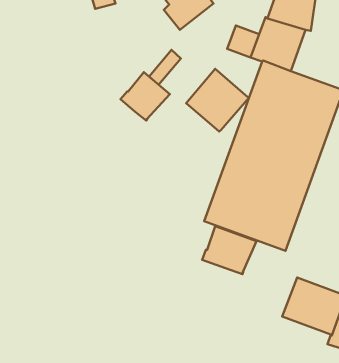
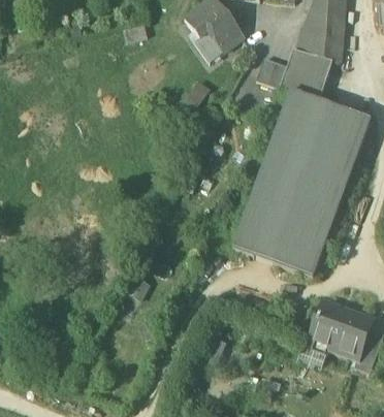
building: [186,69,249,131] -> none
building: [120,72,170,121] -> none
building: [202,226,256,274] -> none

